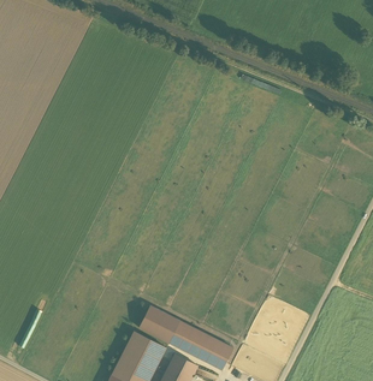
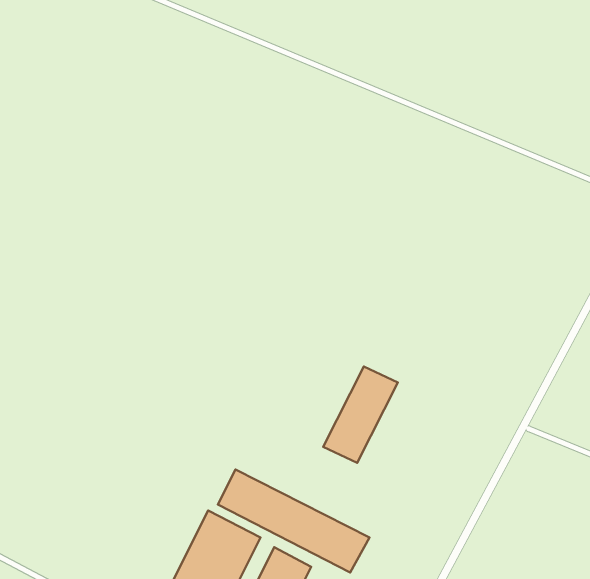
building: none -> [323,366,398,463]

